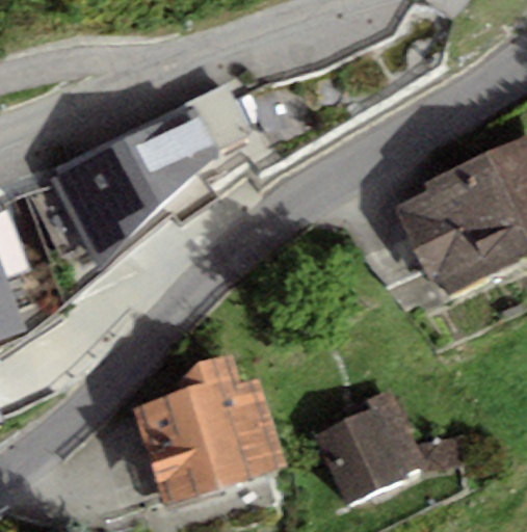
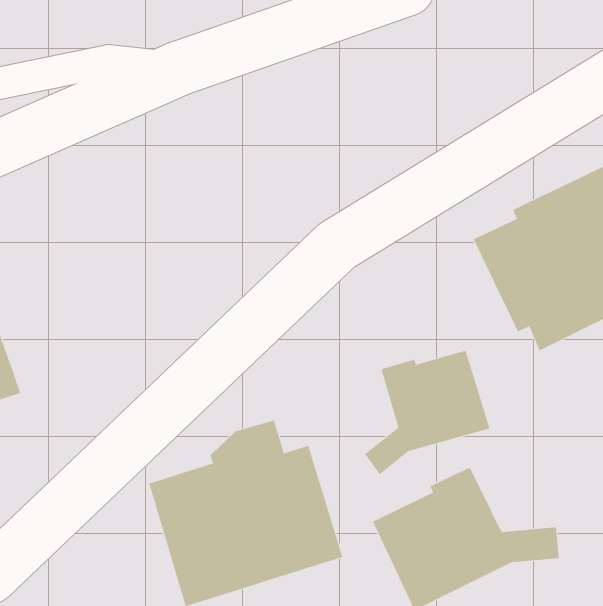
building: [53,83,256,272] -> none
building: none -> [364,350,490,475]

